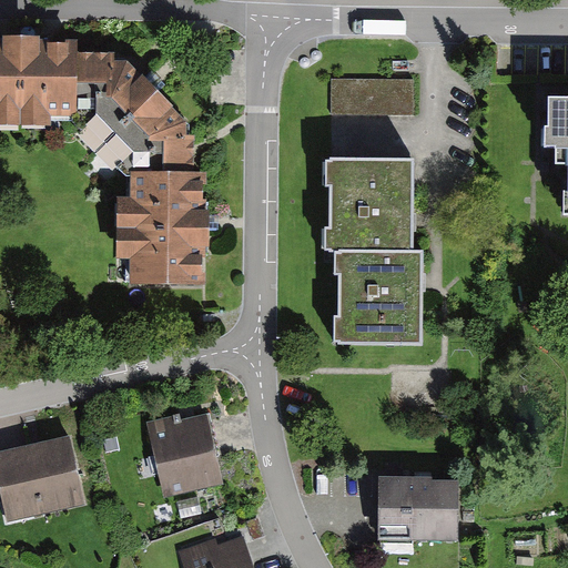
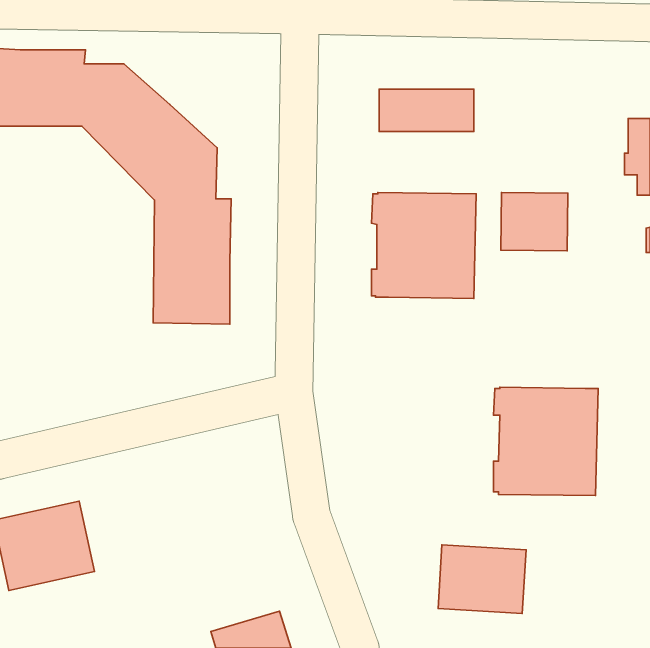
building: none -> [501,192,568,251]
building: [332,258,423,353] -> [493,387,598,496]
building: [152,416,223,490] -> none

